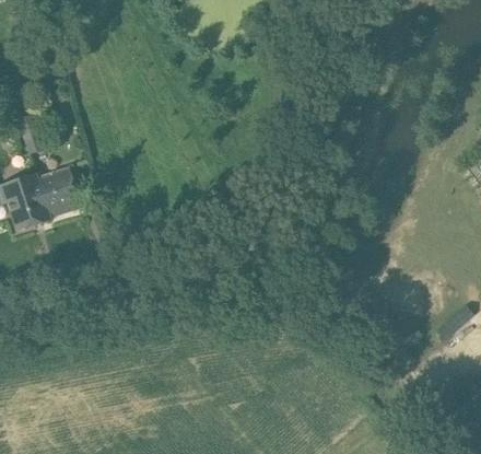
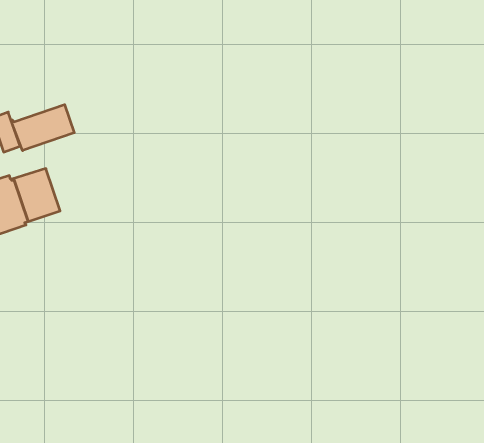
building: none -> [11,105,74,151]

